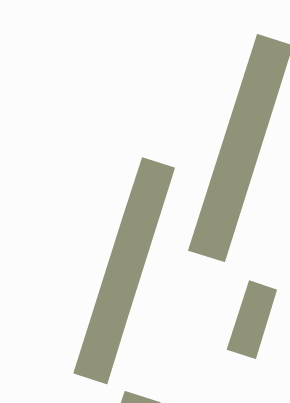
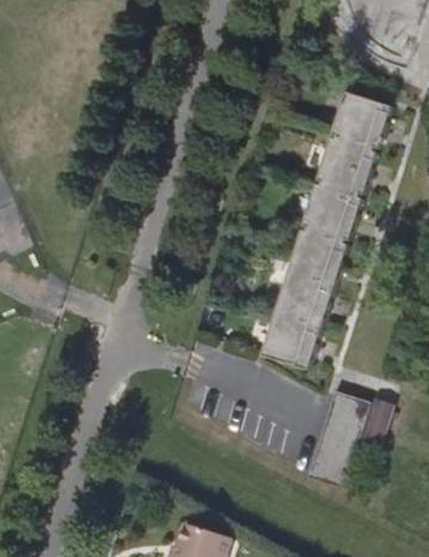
building: [72,156,176,385] -> none

